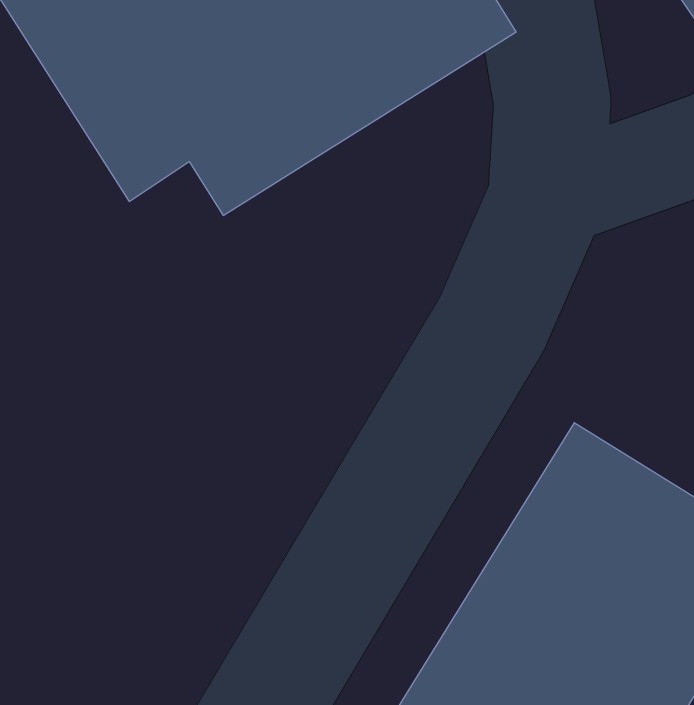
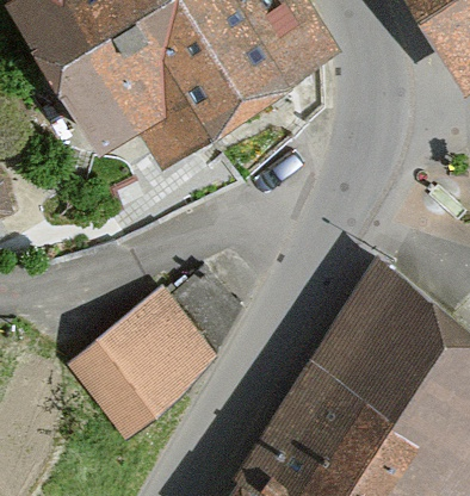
building: none -> [69,293,214,432]

